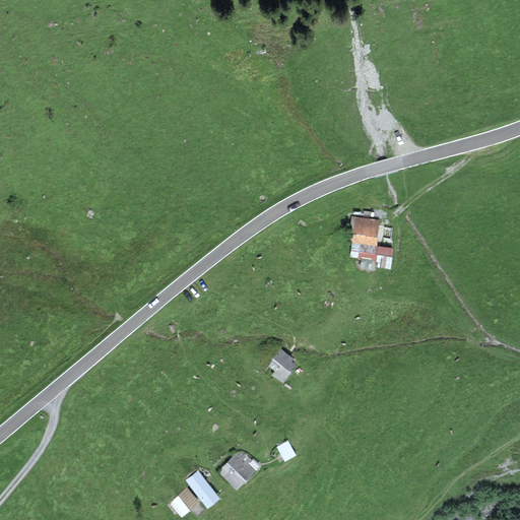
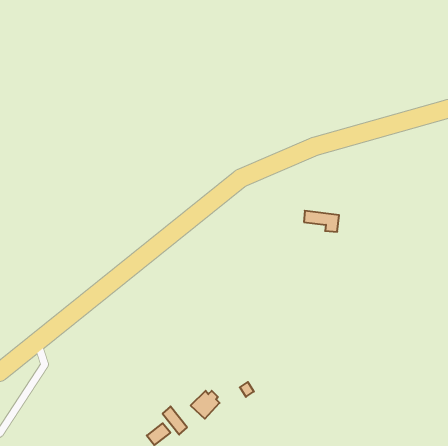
building: [351,217,379,245] -> none
building: [268,350,294,382] -> none

